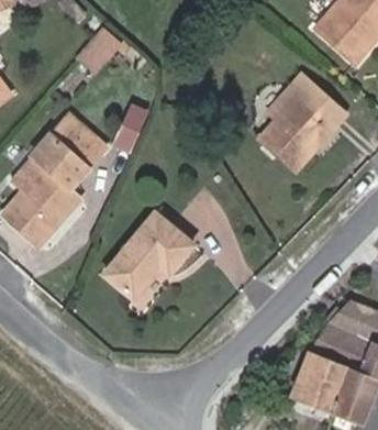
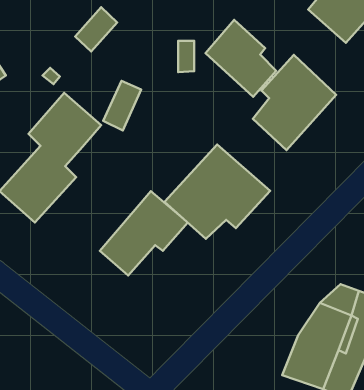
building: none -> [205,20,276,97]
building: none -> [165,145,270,239]

